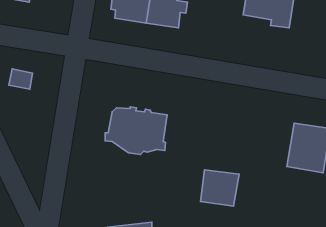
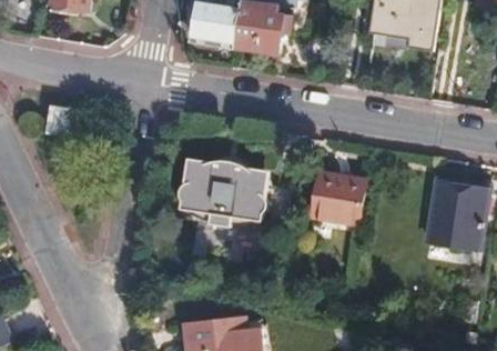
building: [200,170,239,206] -> [312,174,365,224]

